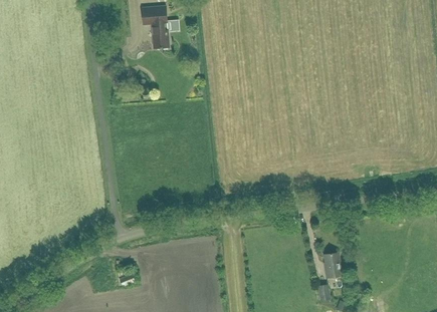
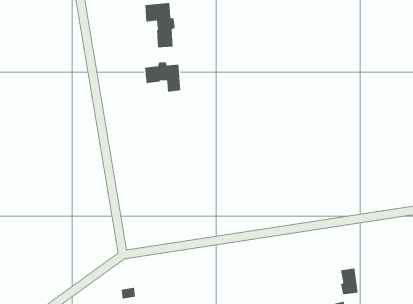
building: none -> [144,62,181,92]

